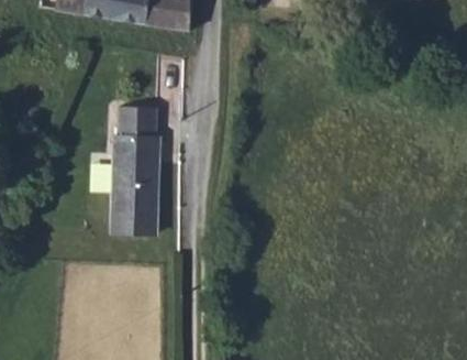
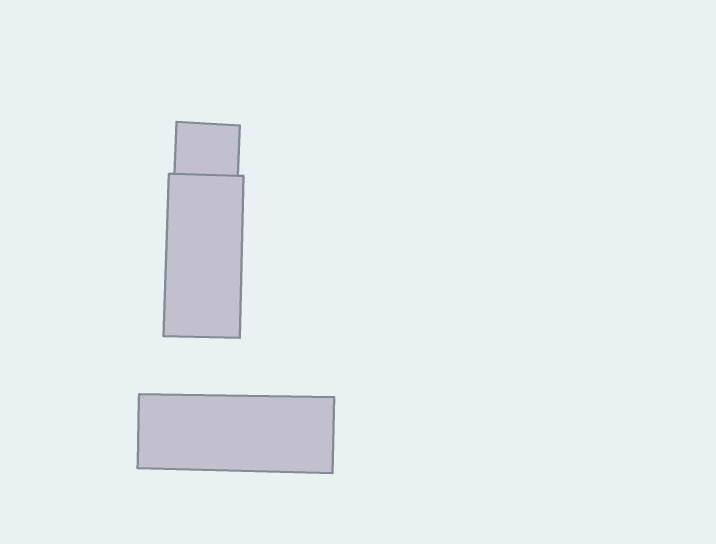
building: none -> [138,394,334,473]

